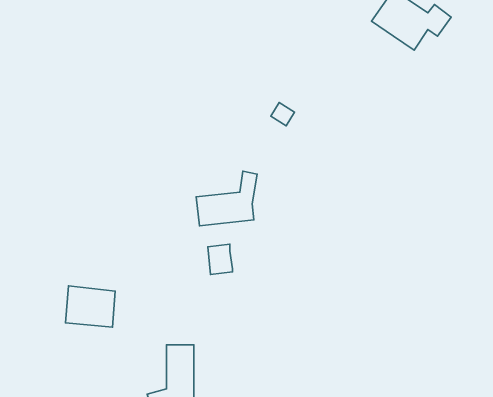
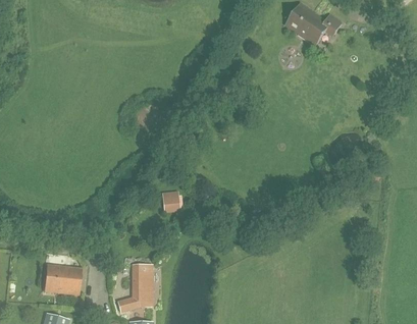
building: [196,171,257,226] -> none
building: [66,286,115,327] -> [44,264,81,294]

